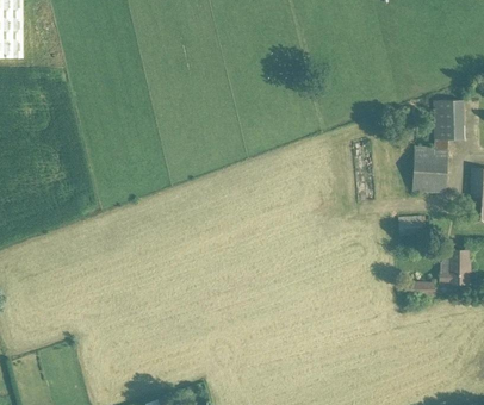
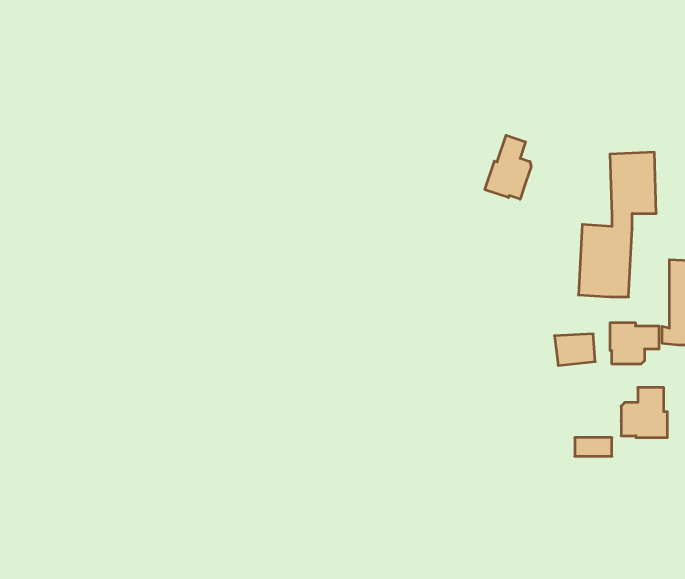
building: none -> [485,135,531,199]
building: none -> [610,323,659,364]

